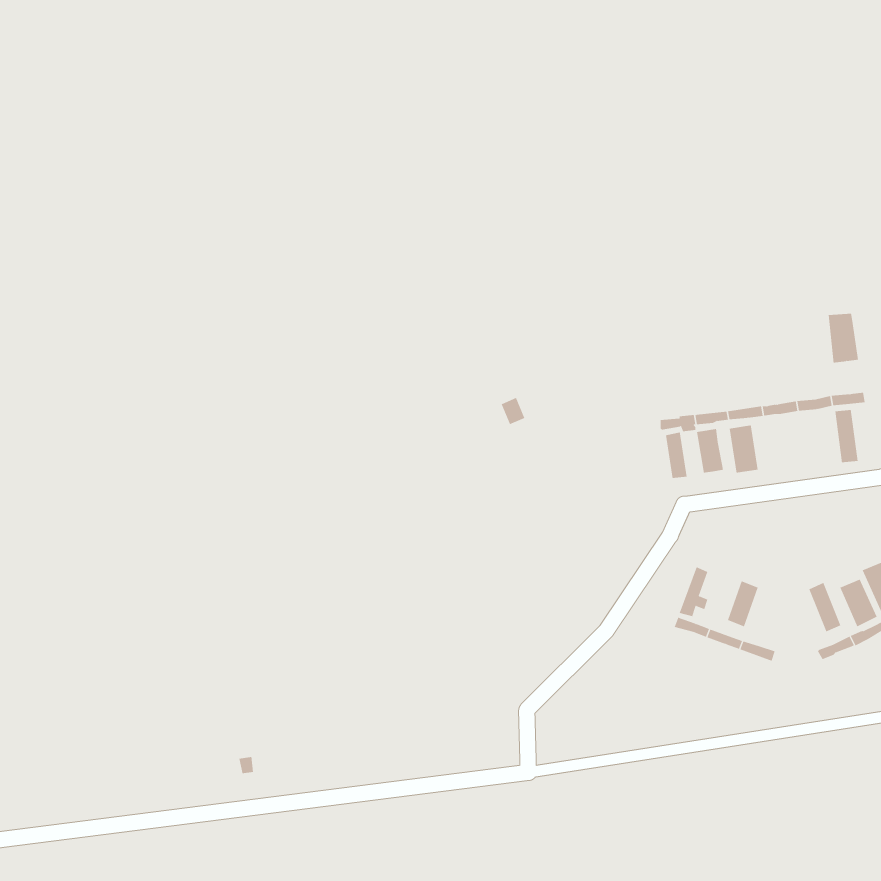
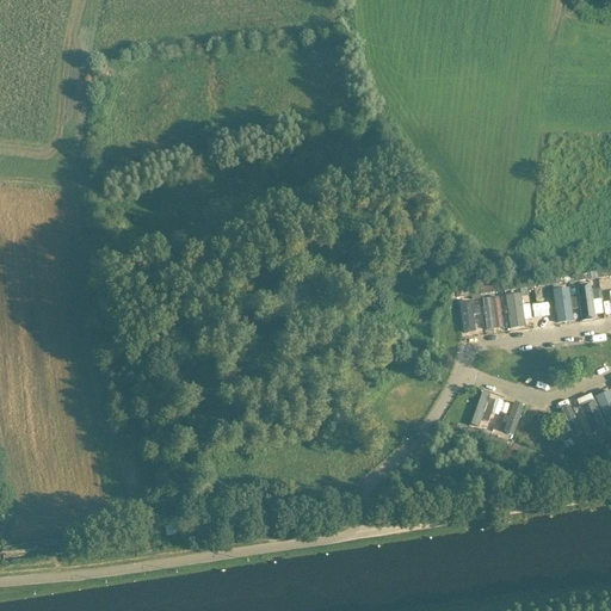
building: [828,313,859,363] -> [555,285,576,320]

